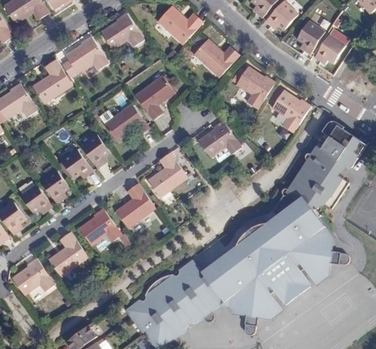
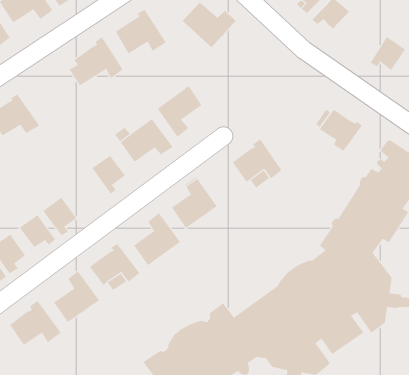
building: [296,20,324,54] -> none
building: [192,38,238,77] -> none
building: [31,58,71,103] -> none
building: [235,66,274,108] -> none
building: [60,149,92,177] -> none

